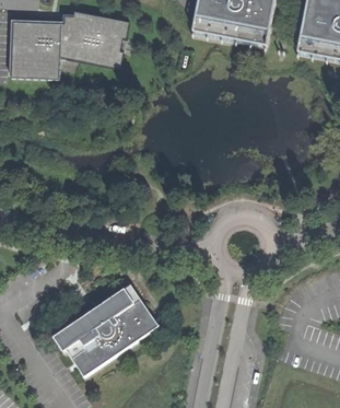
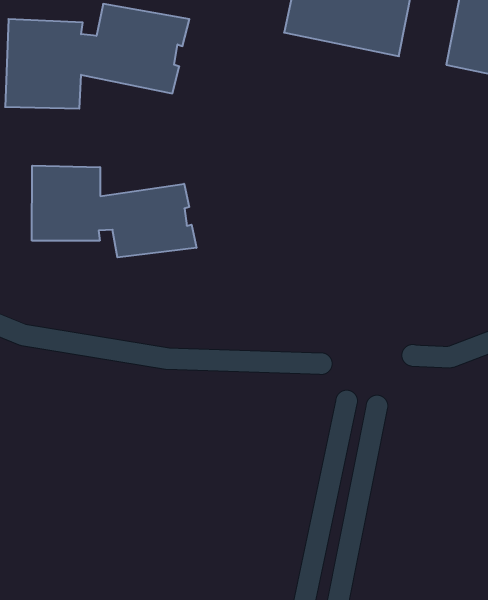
building: none -> [32,166,196,257]
building: [51,283,155,376] -> none

